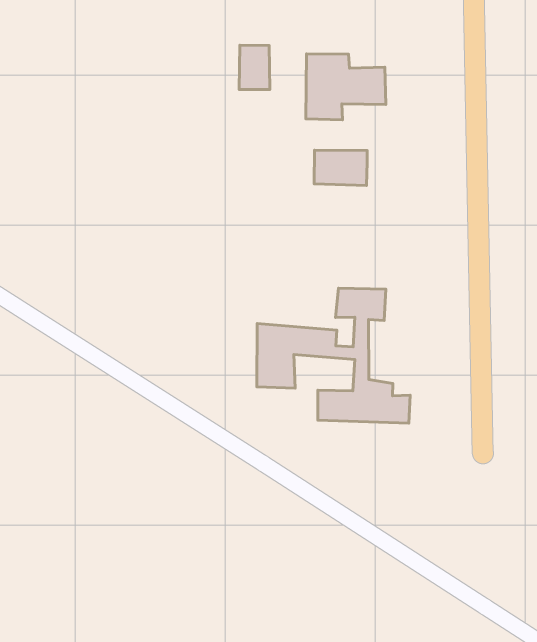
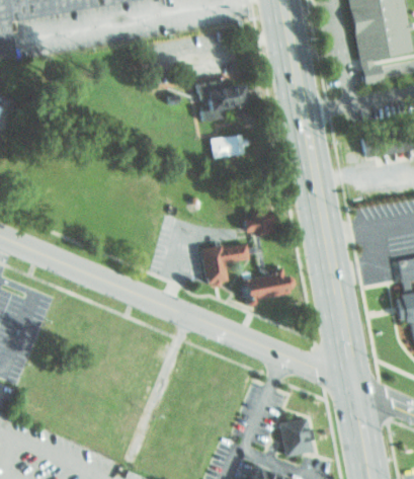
building: [239,45,270,90] -> none

